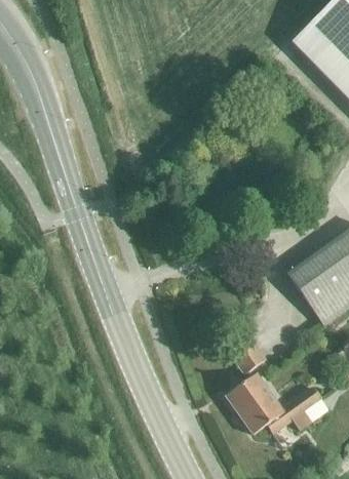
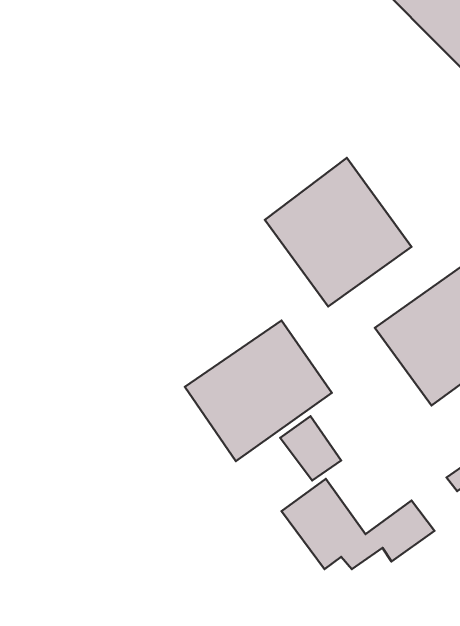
building: none -> [265,158,411,307]
building: none -> [185,320,332,461]

